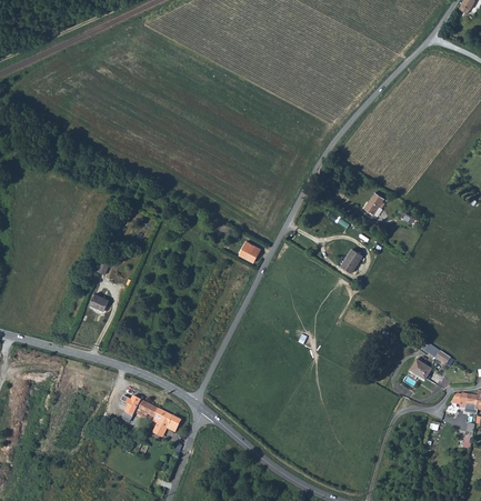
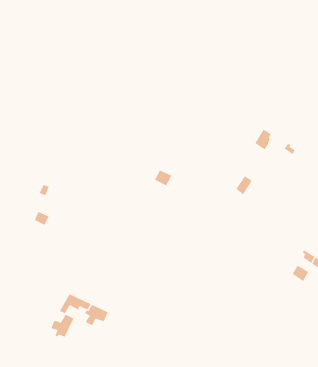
building: none -> [51,314,74,337]

